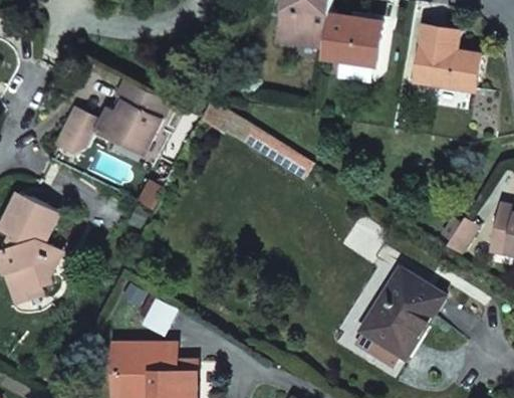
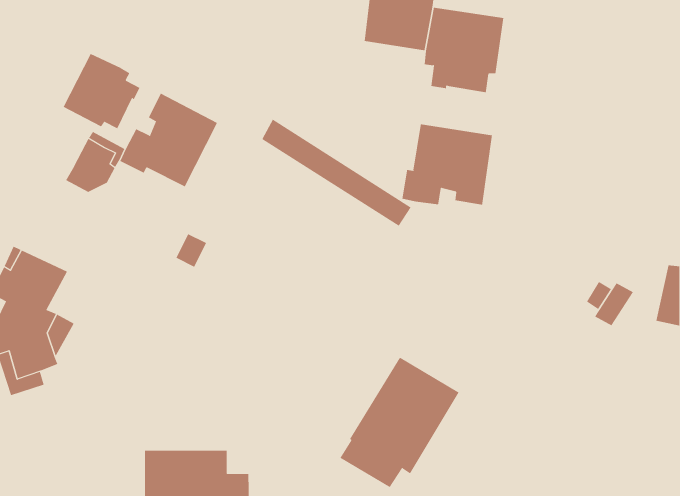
building: [414,26,478,88] -> none
building: none -> [63,53,140,129]
building: none -> [402,124,493,205]
building: [355,270,444,367] -> [340,357,460,488]

